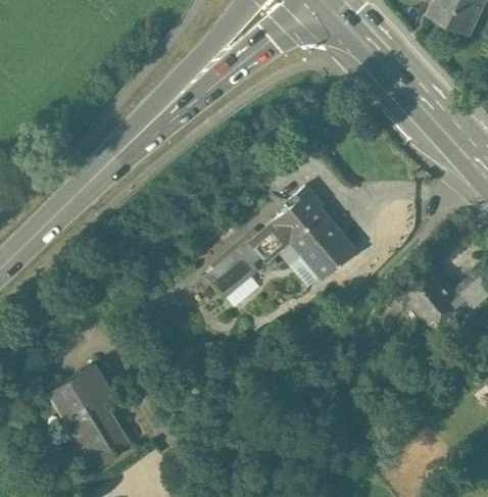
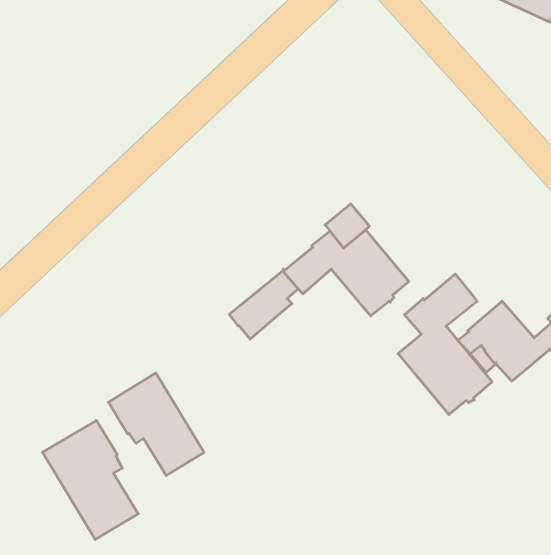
building: none -> [398,274,492,415]
building: none -> [108,373,204,476]

